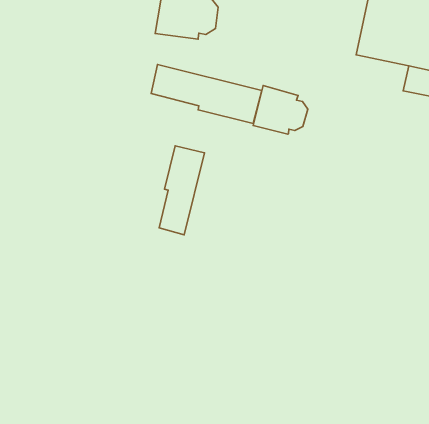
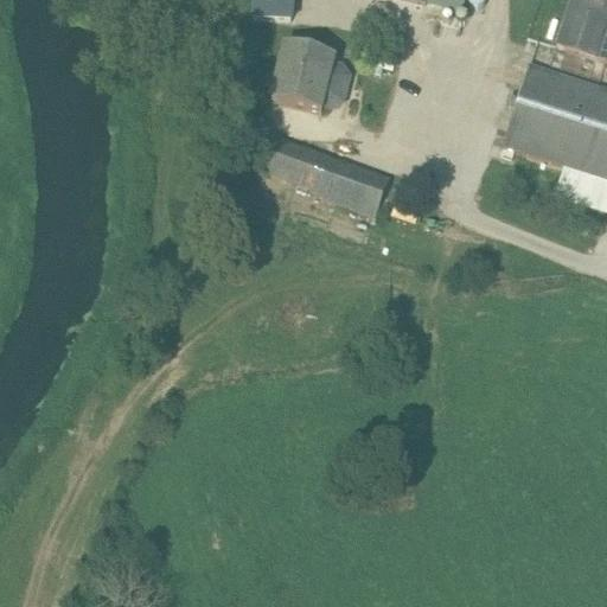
building: [253,86,308,134] -> none
building: [159,146,205,235] -> none

